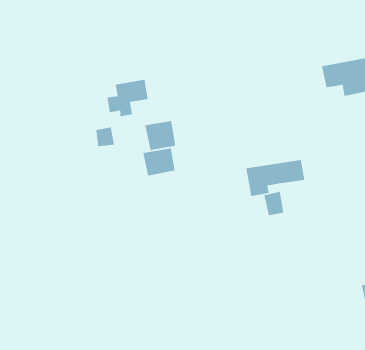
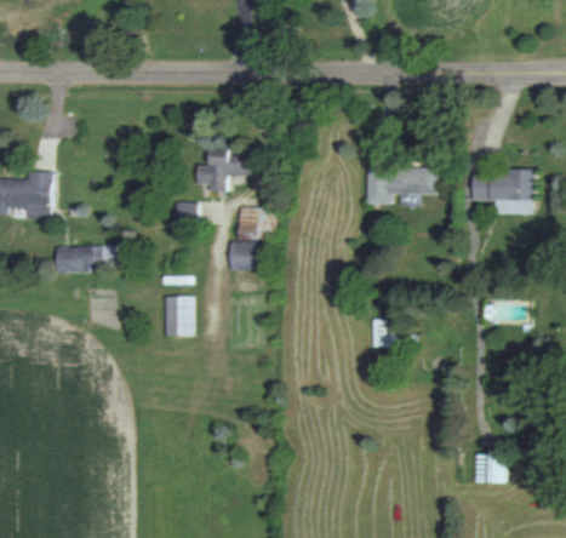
building: [246,159,305,197] -> [366,167,438,204]
building: none -> [56,246,99,273]
building: none -> [164,296,193,336]

